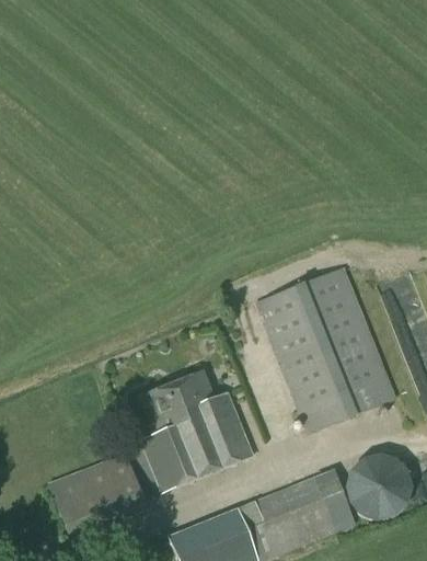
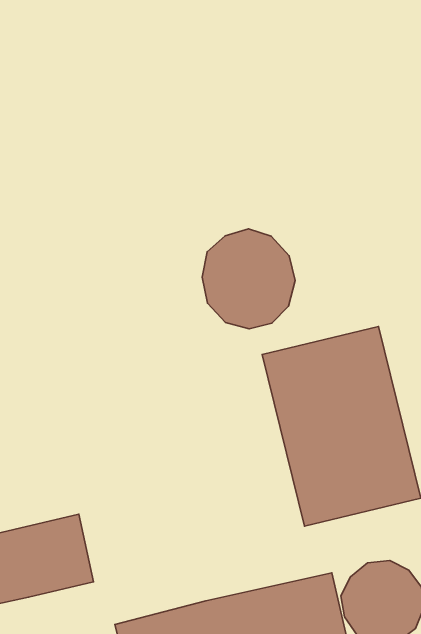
building: none -> [202,229,295,329]
building: [139,370,254,493] -> none

